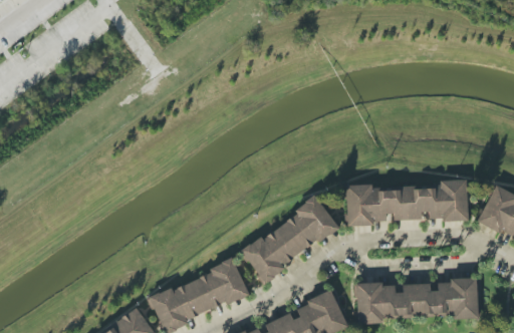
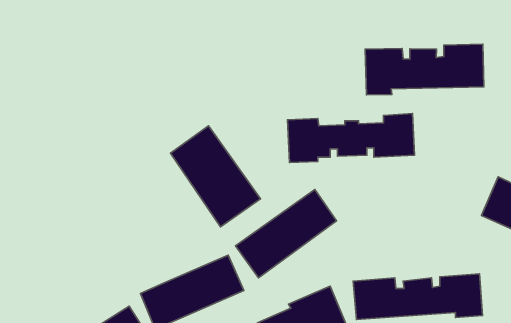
building: none -> [365,44,484,95]
building: none -> [170,126,260,227]
building: [344,179,467,226] -> [287,113,415,162]

